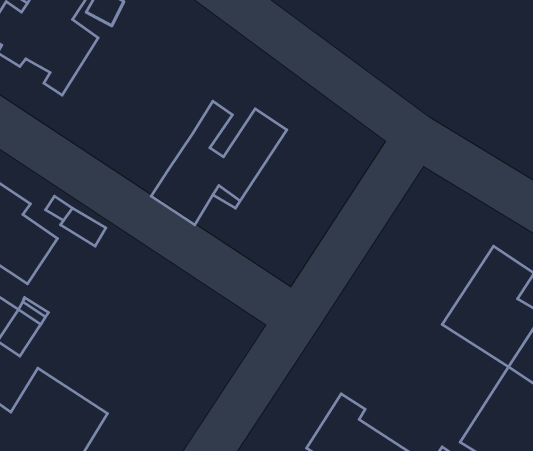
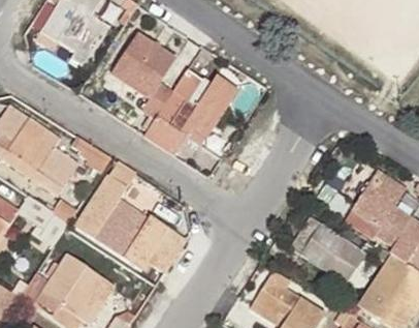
building: none -> [111,32,175,118]
building: none -> [75,161,185,272]
building: none -> [302,225,364,280]

